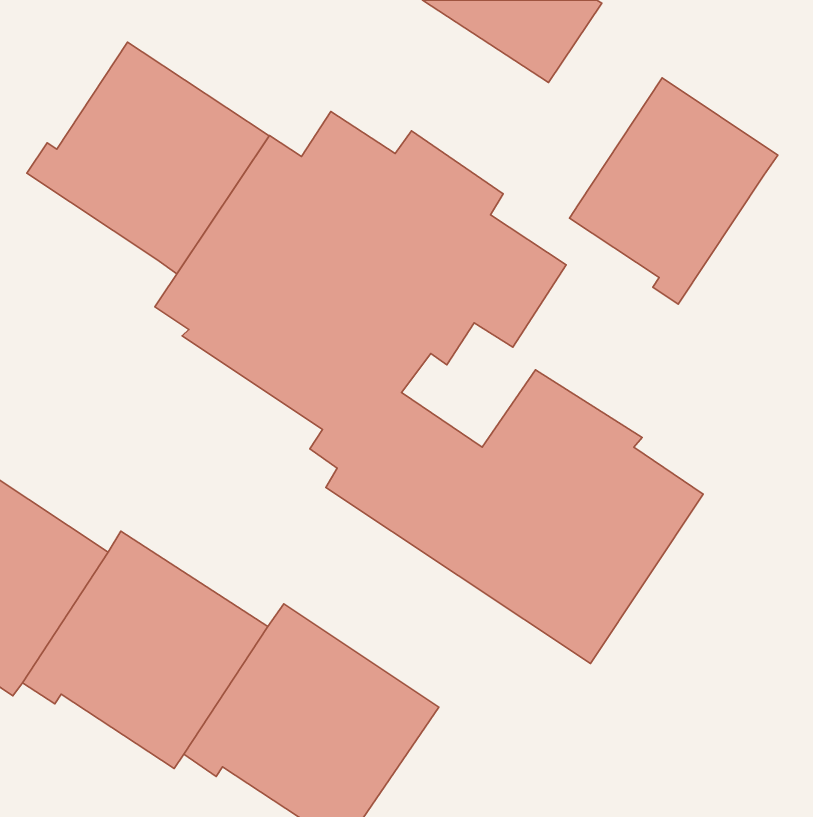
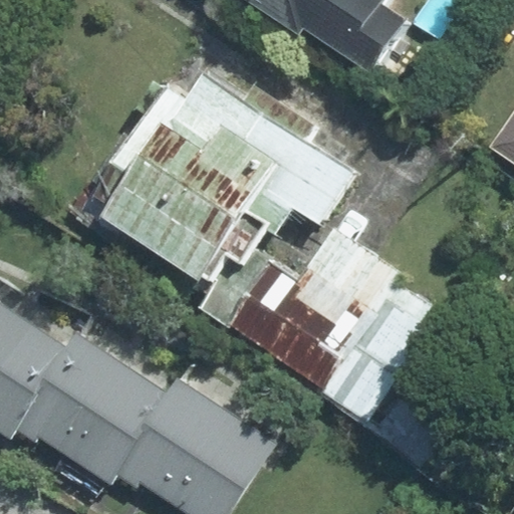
building: [27,42,269,274] -> none
building: [569,78,778,304] -> none

